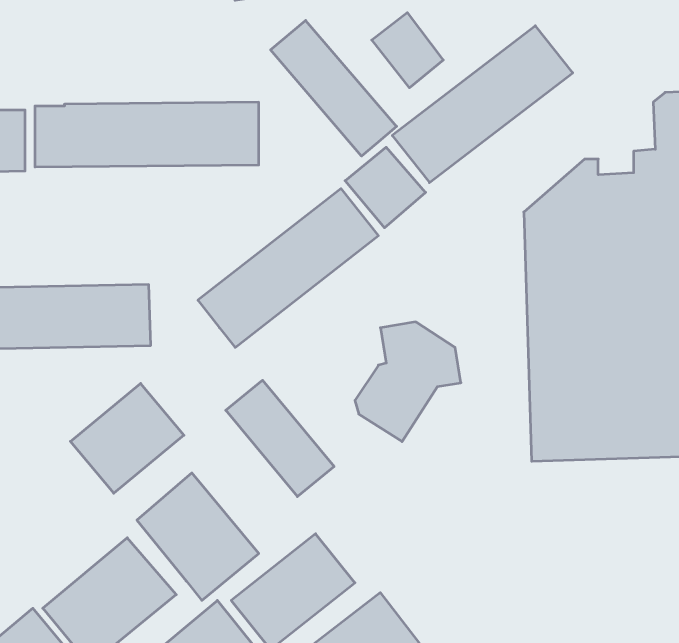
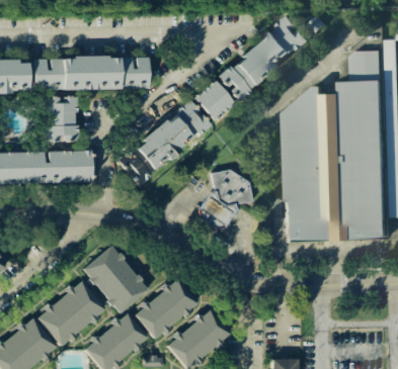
building: [372,13,443,88] -> none
building: [271,20,397,156] -> none
building: none -> [44,97,77,142]
building: [226,380,334,497] -> none
building: [70,383,184,493] -> none

